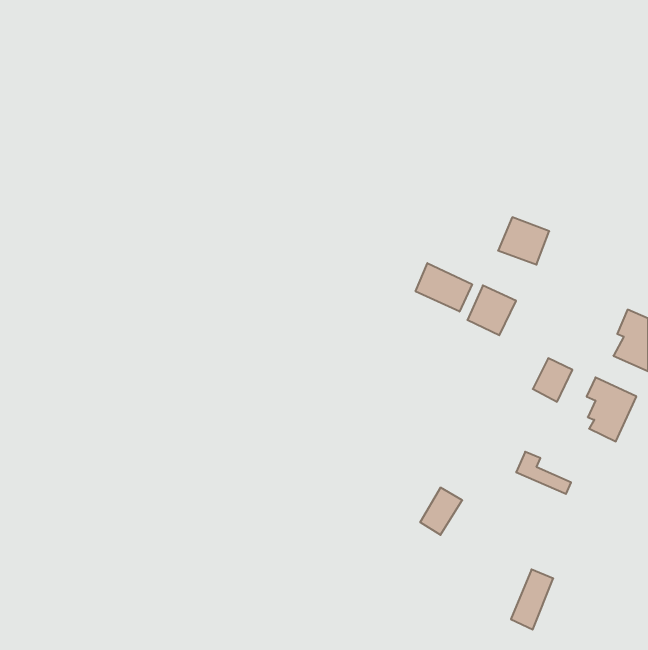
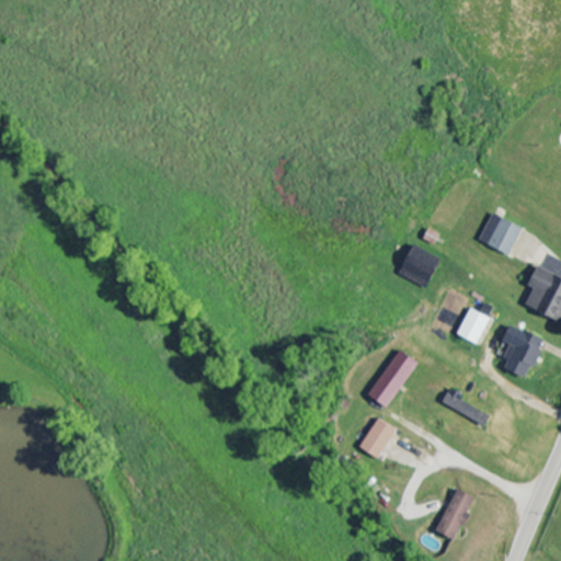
building: [498,217,549,265] -> [478,213,522,253]
building: [416,263,472,312] -> none
building: none -> [367,348,419,407]

